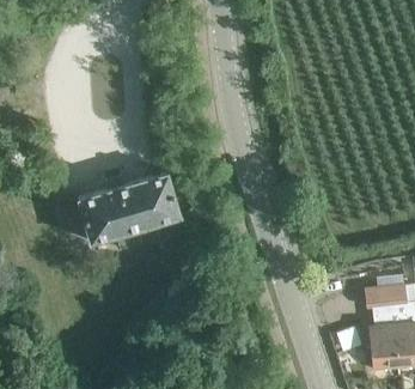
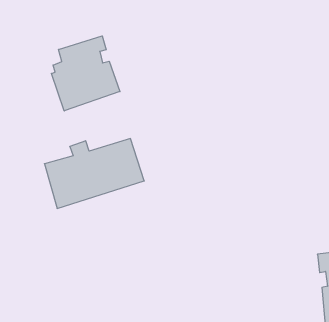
building: none -> [51,36,120,111]

